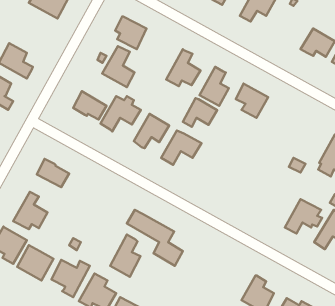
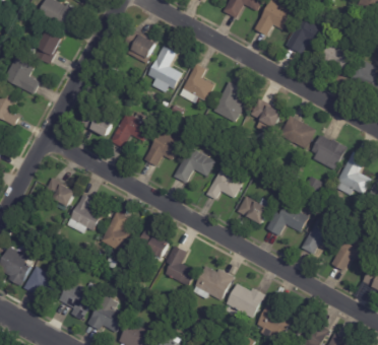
building: none -> [286,17,327,53]
building: none -> [35,29,63,63]
building: [102,46,135,87] -> [147,46,181,88]
building: [183,98,217,127] -> [205,169,241,199]
building: none -> [276,116,315,149]
building: none -> [312,135,346,169]
building: none -> [237,196,271,223]
building: none -> [266,204,308,234]
building: [13,192,48,229] -> [65,194,101,232]
building: [110,235,141,277] -> [99,211,130,255]
building: none -> [191,266,233,300]
building: none -> [224,283,263,317]

